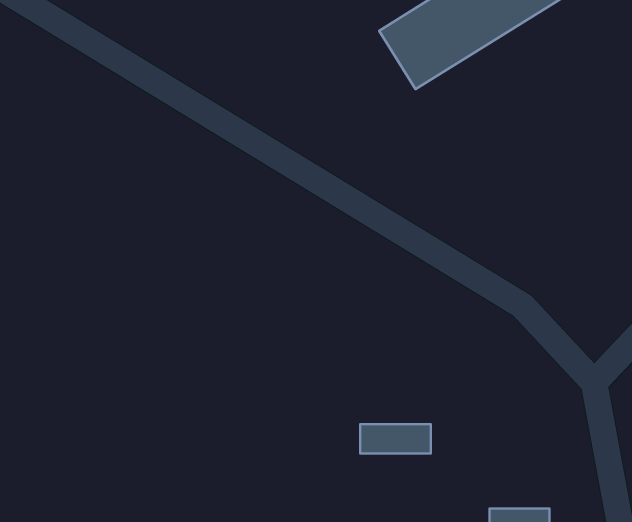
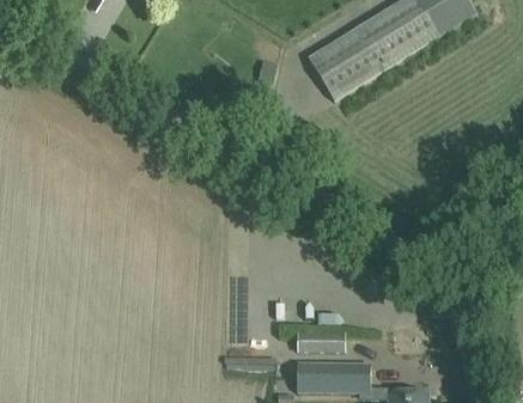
building: none -> [297,360,371,392]

